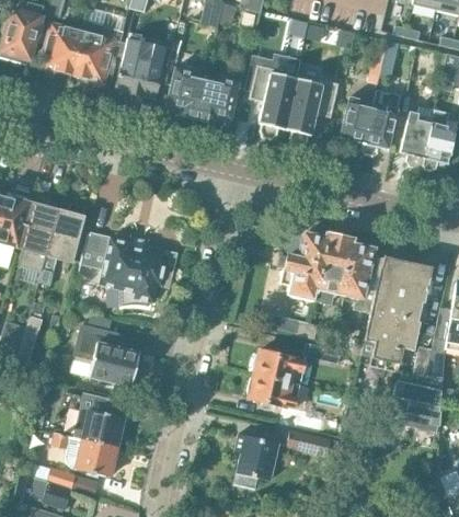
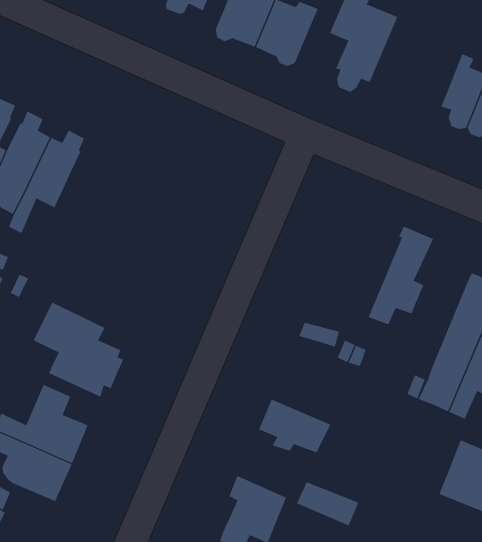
building: [286,77,340,146] -> none
building: [280,230,329,300] -> none
building: [82,232,167,308] -> none
building: [344,243,383,311] -> none
building: [254,341,342,383] -> none

